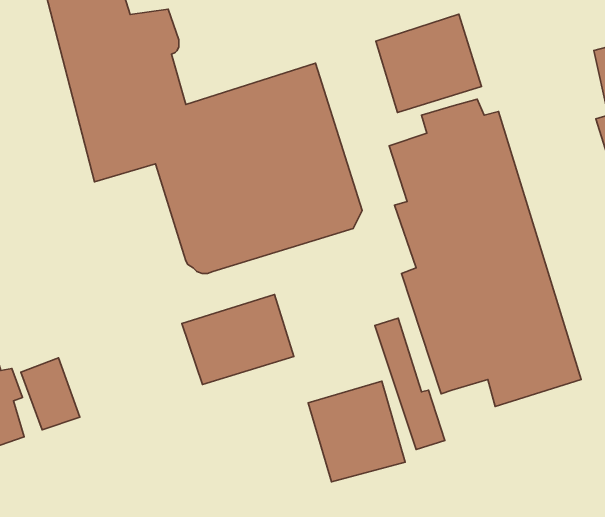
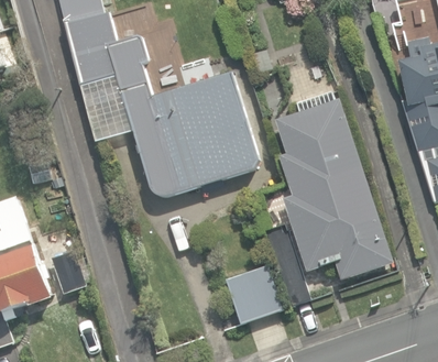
building: [376,14,481,112] -> none
building: [182,295,294,384] -> none

